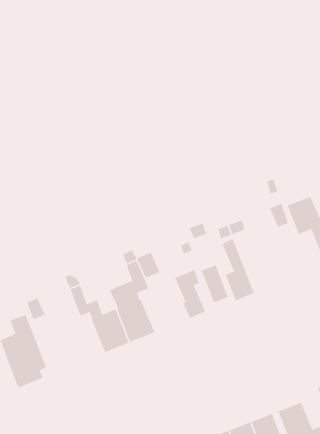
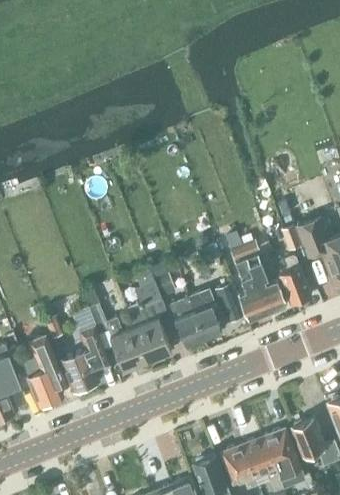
building: none -> [279,254,310,302]
building: none -> [246,255,286,312]
building: none -> [171,297,204,345]
building: none -> [61,326,109,390]

